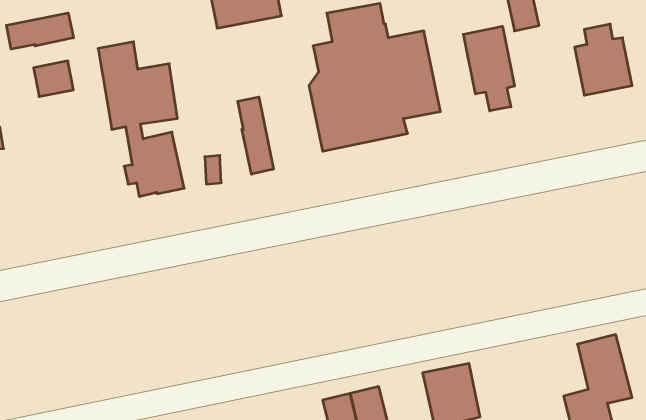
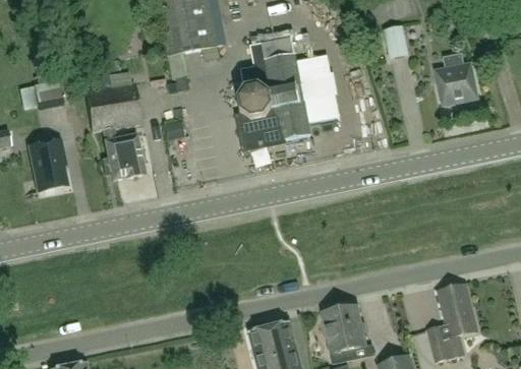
building: [6,13,73,49] -> none
building: [463,26,515,111] -> none
building: [238,97,273,174] -> none
building: none -> [28,138,67,191]

